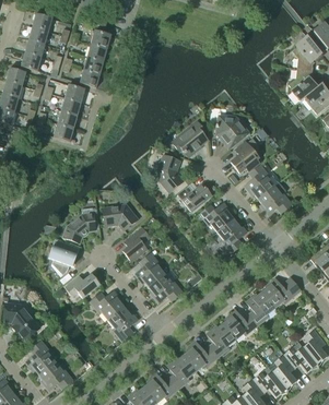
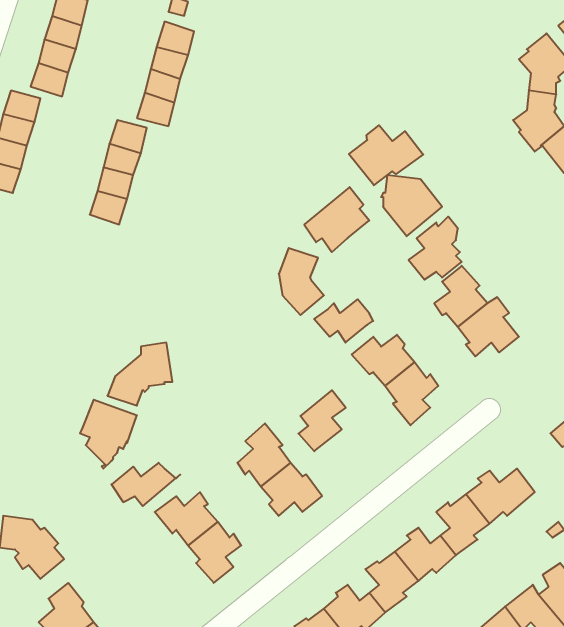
building: none -> [349,125,423,185]
building: [103,203,138,229] -> none
building: [124,226,150,260] -> [298,390,346,451]

